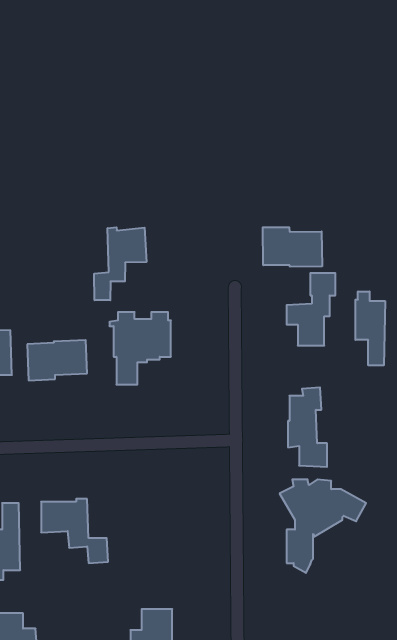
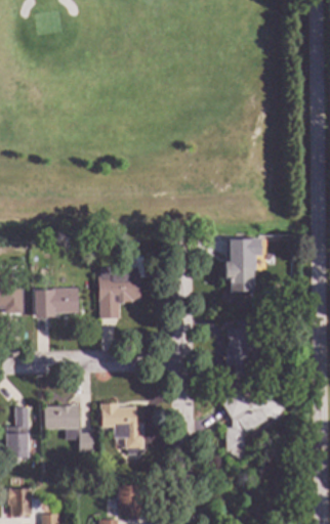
building: [94,227,146,300] -> none
building: [263,227,322,267] -> none
building: [355,291,385,365] -> none
building: none -> [101,403,143,454]

